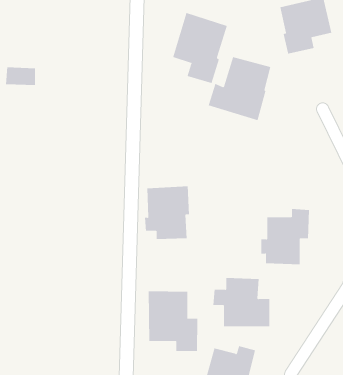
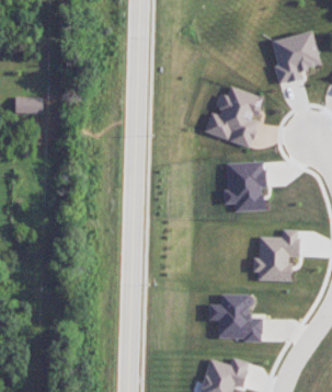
building: [173,12,227,84] -> none
building: [144,186,190,240] -> [222,161,265,211]
building: [148,290,198,352] -> none

